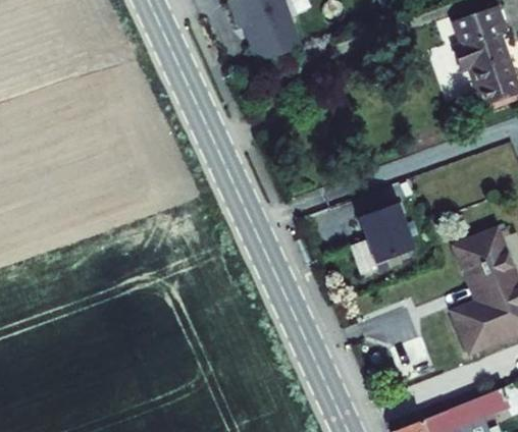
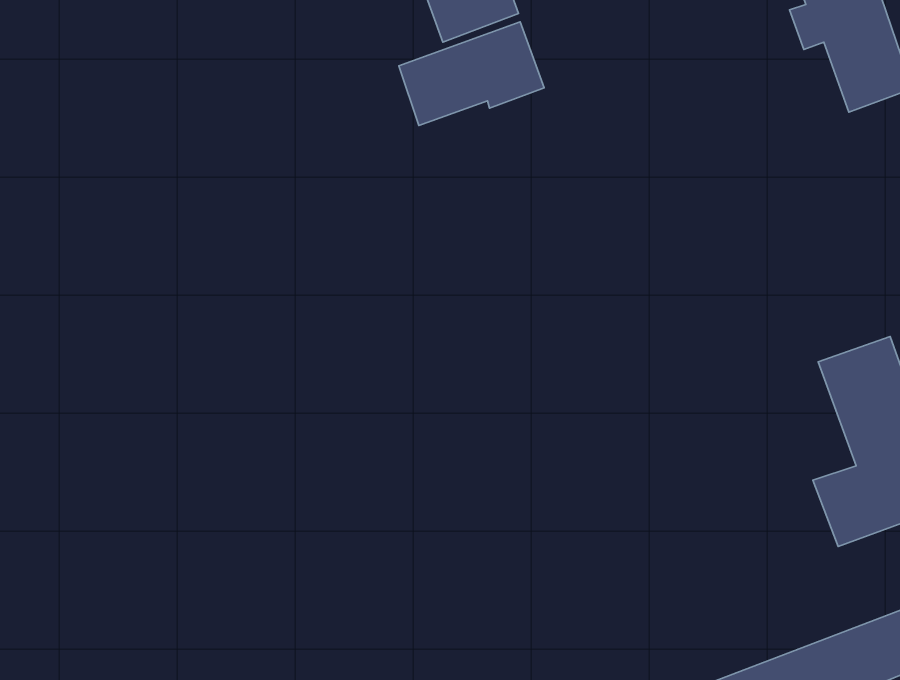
building: none -> [399,22,544,126]
building: [358,204,411,264] -> none

